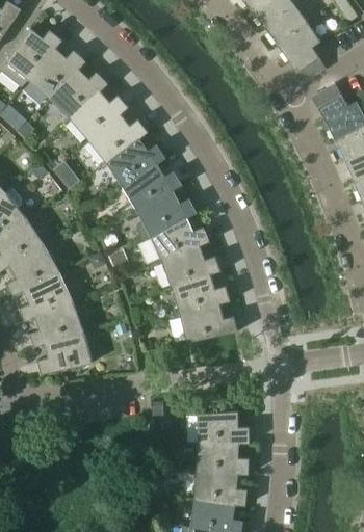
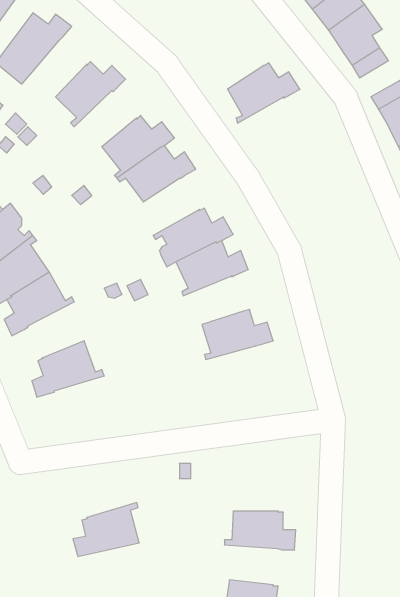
building: [28,48,85,98] -> none
building: [64,90,128,139] -> none
building: [122,163,182,213] -> [227,63,300,123]
building: [155,245,220,287] -> none
building: [19,268,73,321] -> none
building: [174,303,237,342] -> none
building: [36,329,92,374] -> [73,503,139,556]
building: [189,410,249,443] -> none
building: [189,470,246,505] -> none

